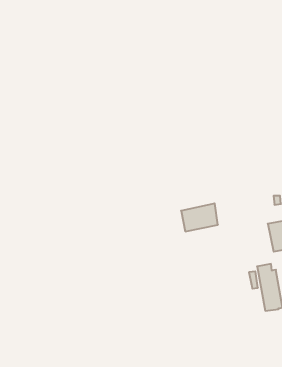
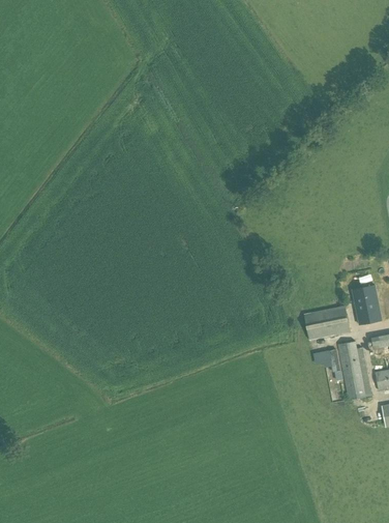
building: [181,203,218,231] -> [303,304,350,340]

